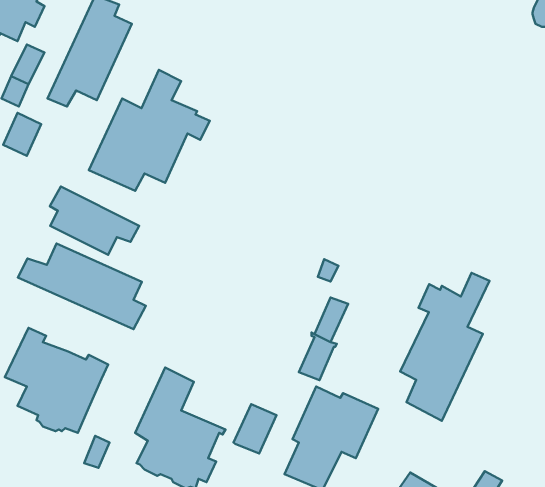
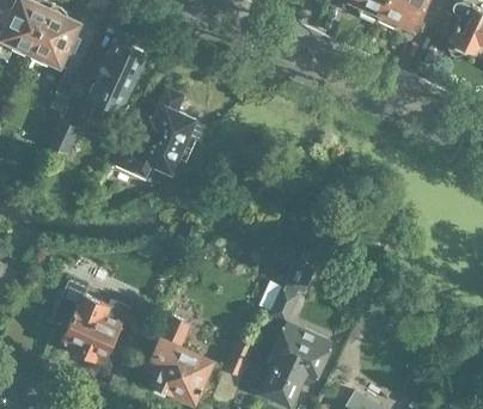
building: [50,187,139,255] -> none
building: [18,243,146,329] -> none
building: [400,273,489,421] -> none

